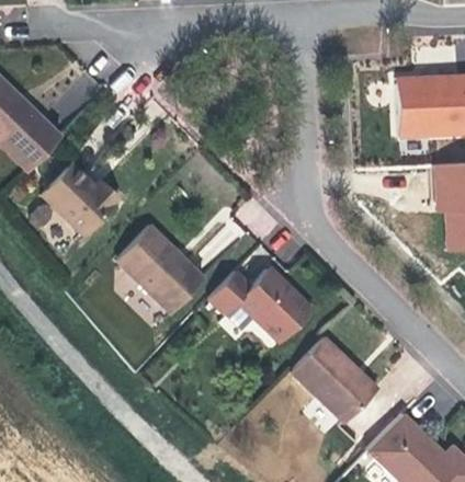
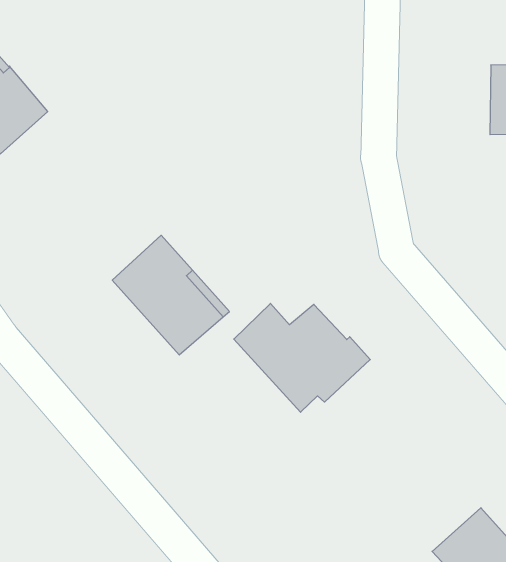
building: [39,162,118,234] -> none
building: [293,338,379,425] -> none

